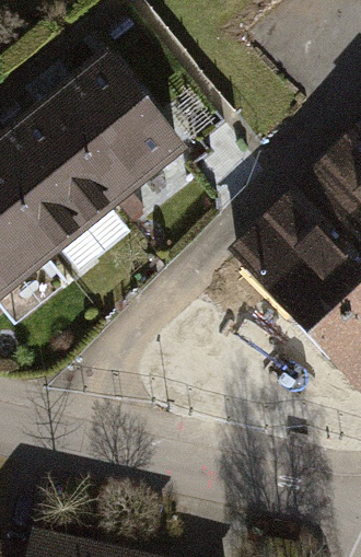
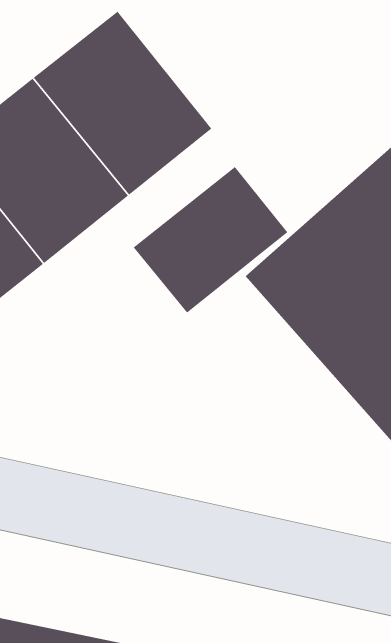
building: none -> [133,166,288,314]

